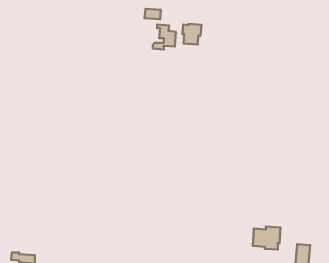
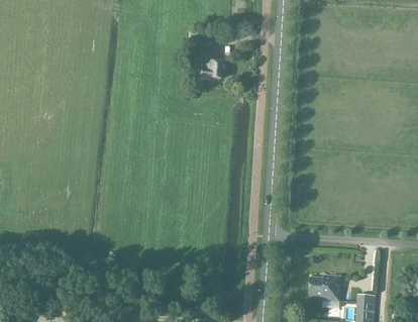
building: [183,24,201,45] -> none

